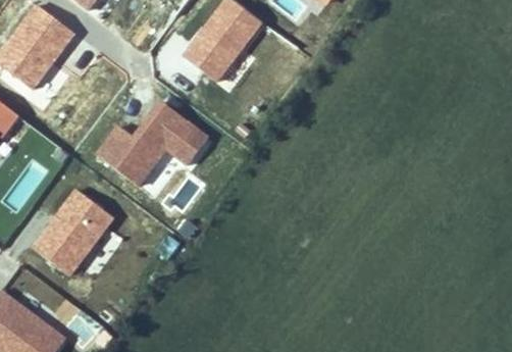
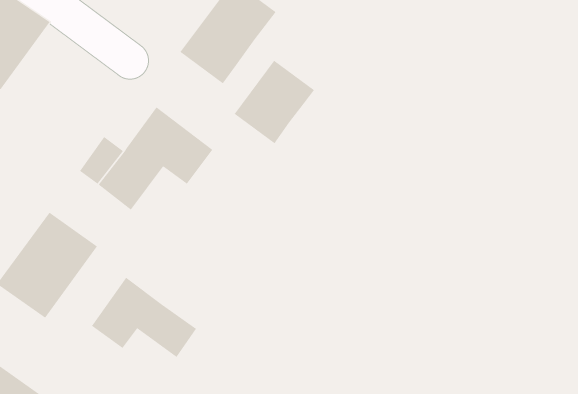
building: none -> [234,60,315,144]
building: none -> [91,277,197,358]

